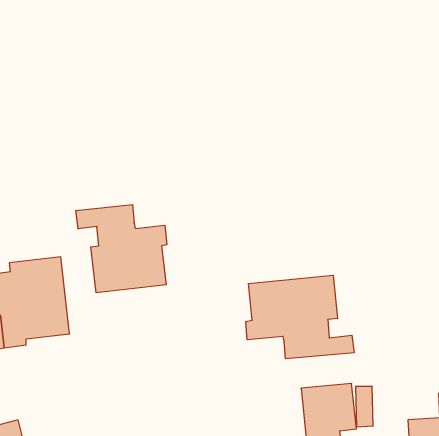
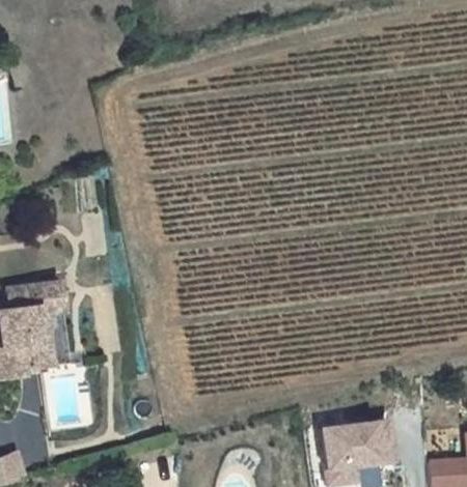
building: [76,205,167,293] -> none
building: [246,275,354,359] -> none

